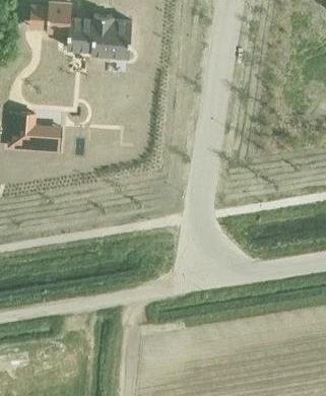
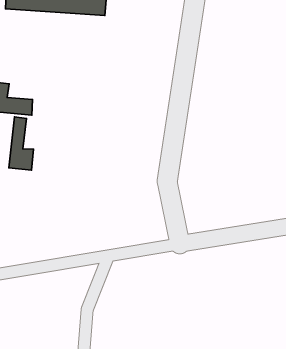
building: none -> [9,117,34,170]

